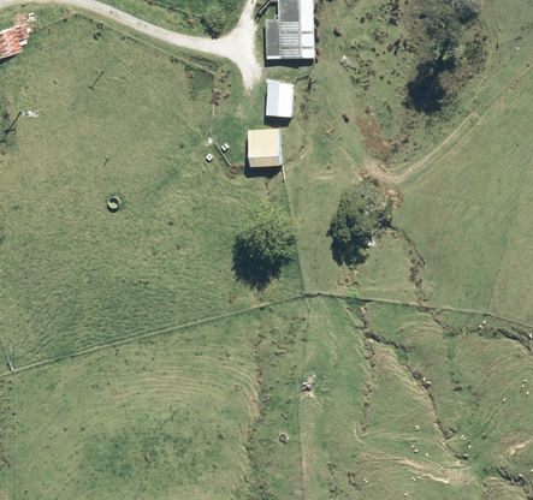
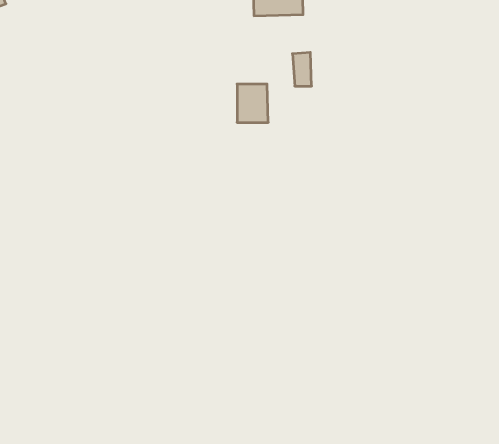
building: [271,78,290,112] -> [292,52,312,86]

